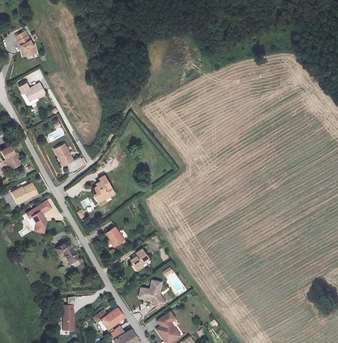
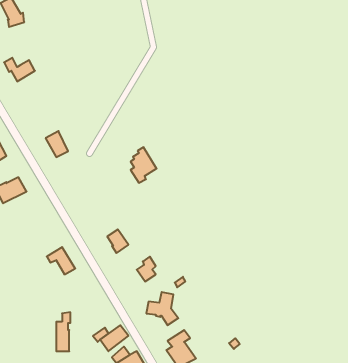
building: [94,175,116,205] -> [131,147,157,183]
building: [25,199,52,232] -> none

